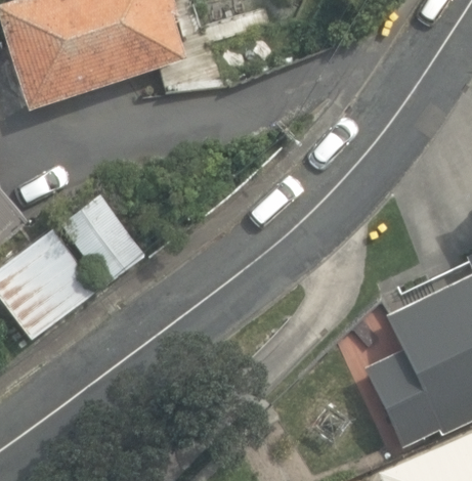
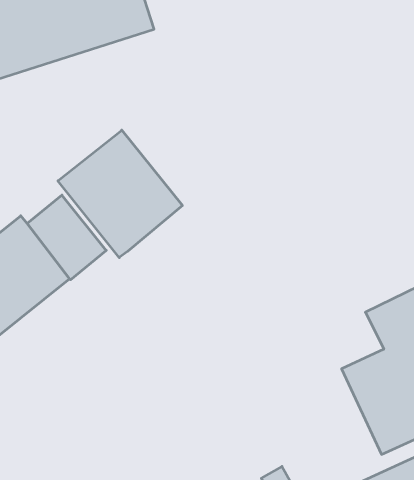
building: none -> [58,130,182,258]

